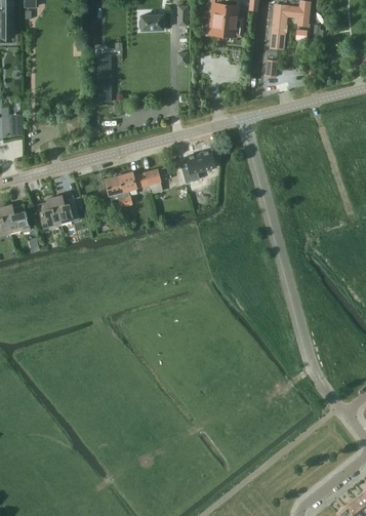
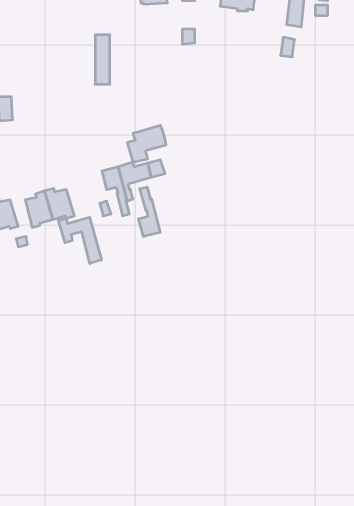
building: [181,150,216,183] -> [127,125,166,162]
building: none -> [138,187,160,237]
building: none -> [58,217,101,264]

